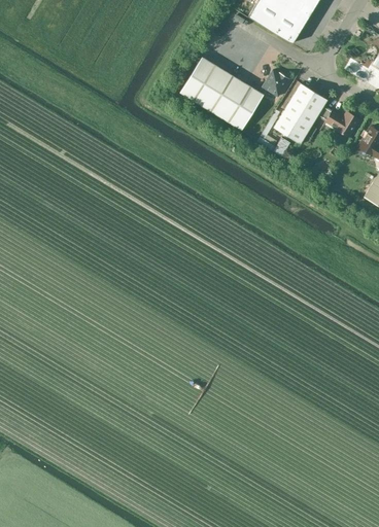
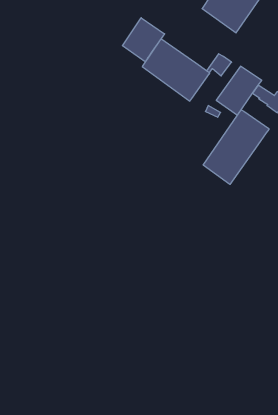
building: none -> [122,18,165,62]
building: none -> [203,110,269,184]

